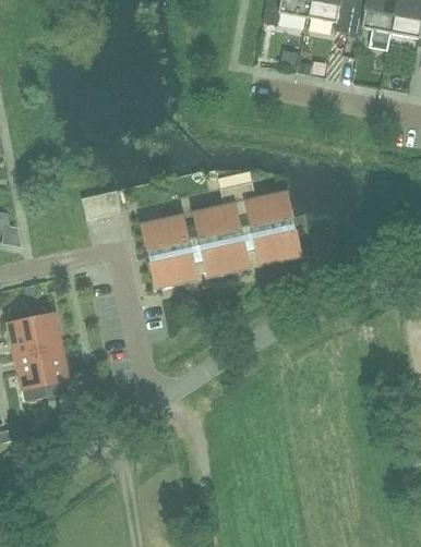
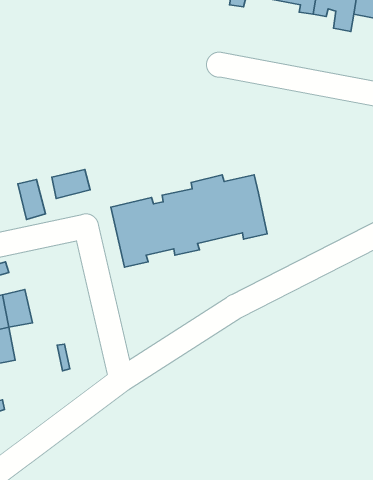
building: none -> [18,179,46,220]
building: [37,345,68,400] -> none

